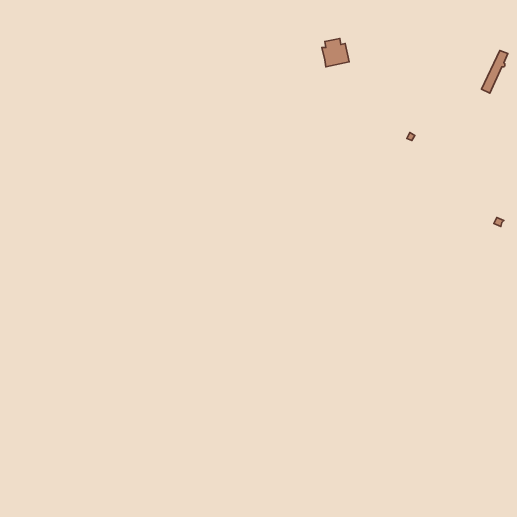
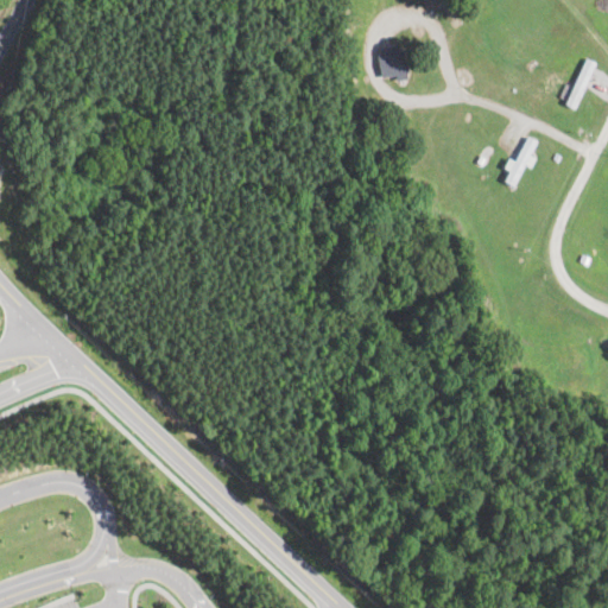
building: none -> [504,137,537,186]

